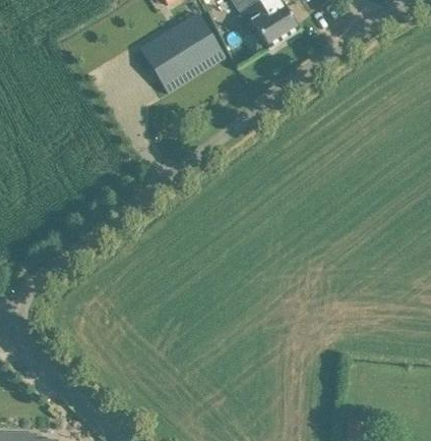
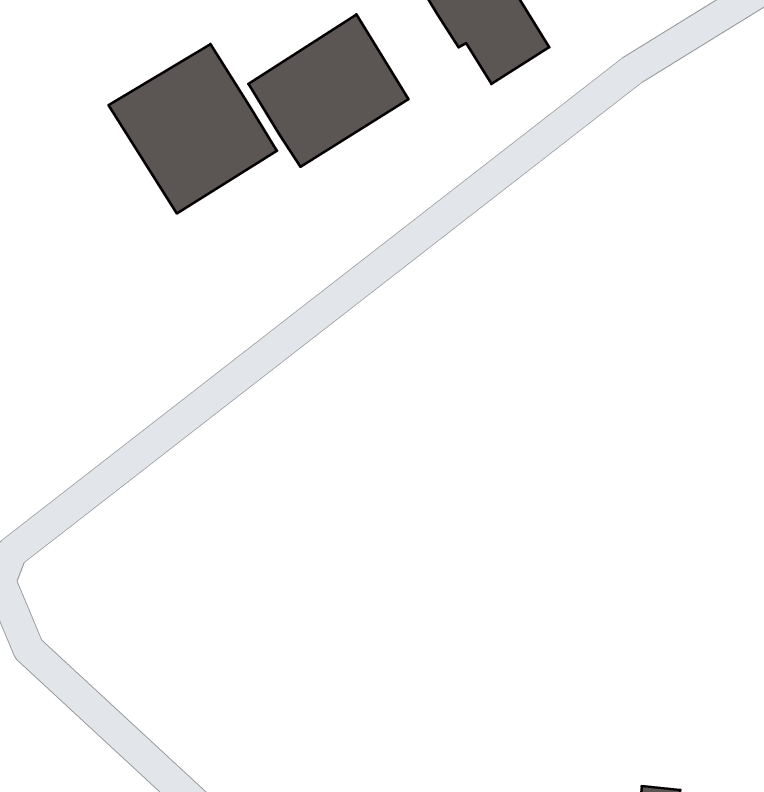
building: none -> [109,44,277,213]

